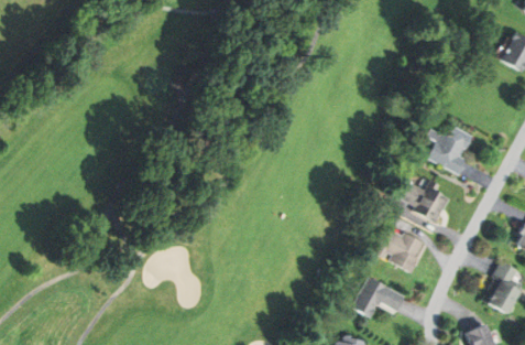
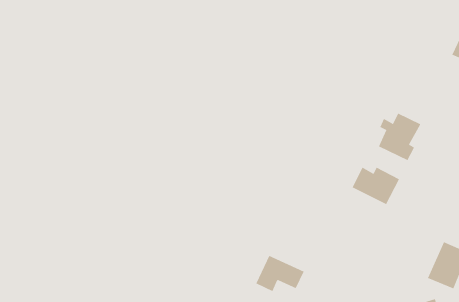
building: [373,226,424,273] -> none
building: [352,278,405,317] -> [255,255,304,292]

